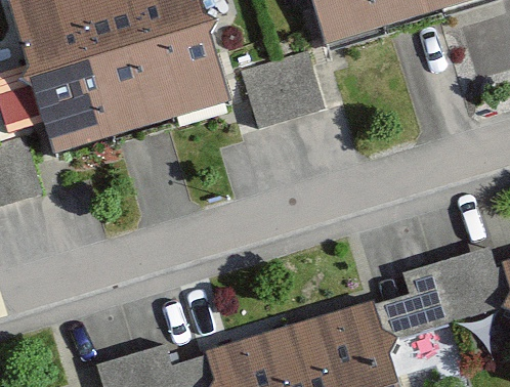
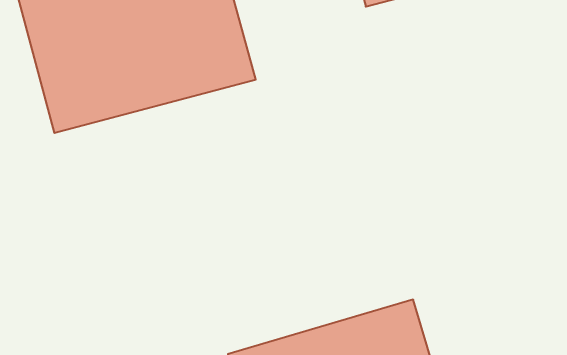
building: [232,45,318,126] -> none
building: [384,251,494,332] -> none

